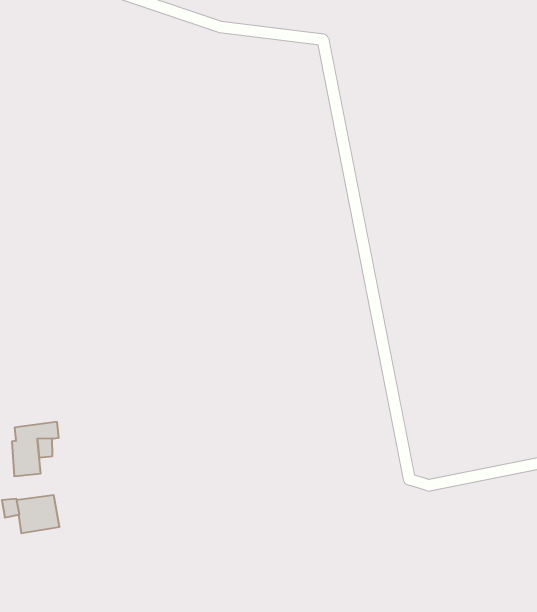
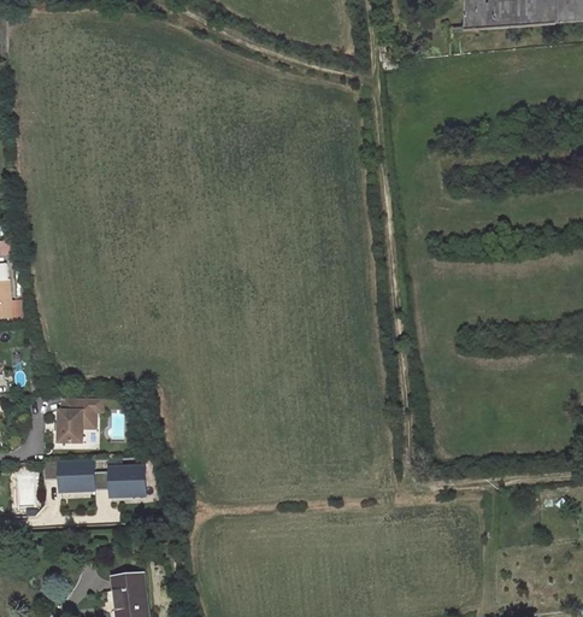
building: none -> [108,468,145,499]

